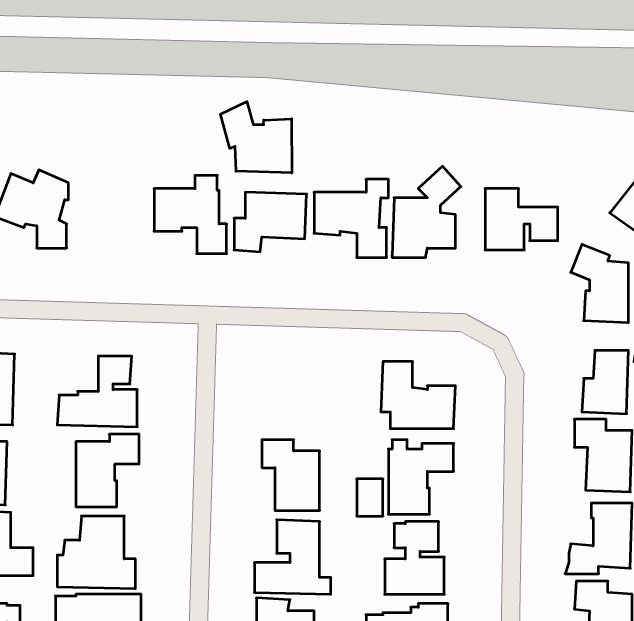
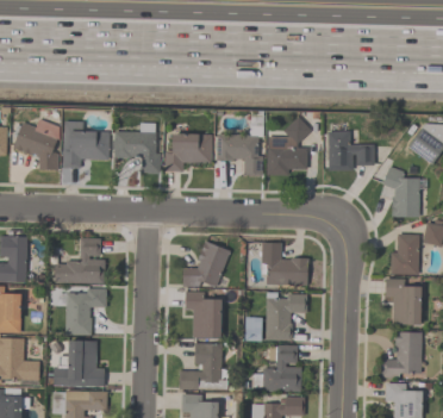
building: [220,102,292,173] -> none
building: none -> [64,120,111,168]
building: none -> [183,241,230,287]

